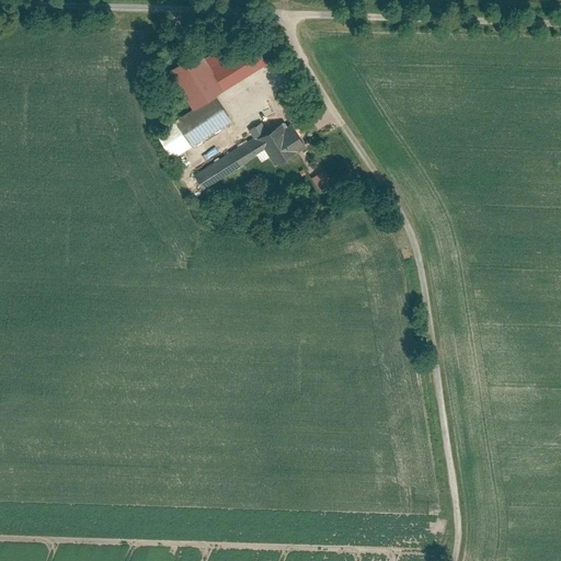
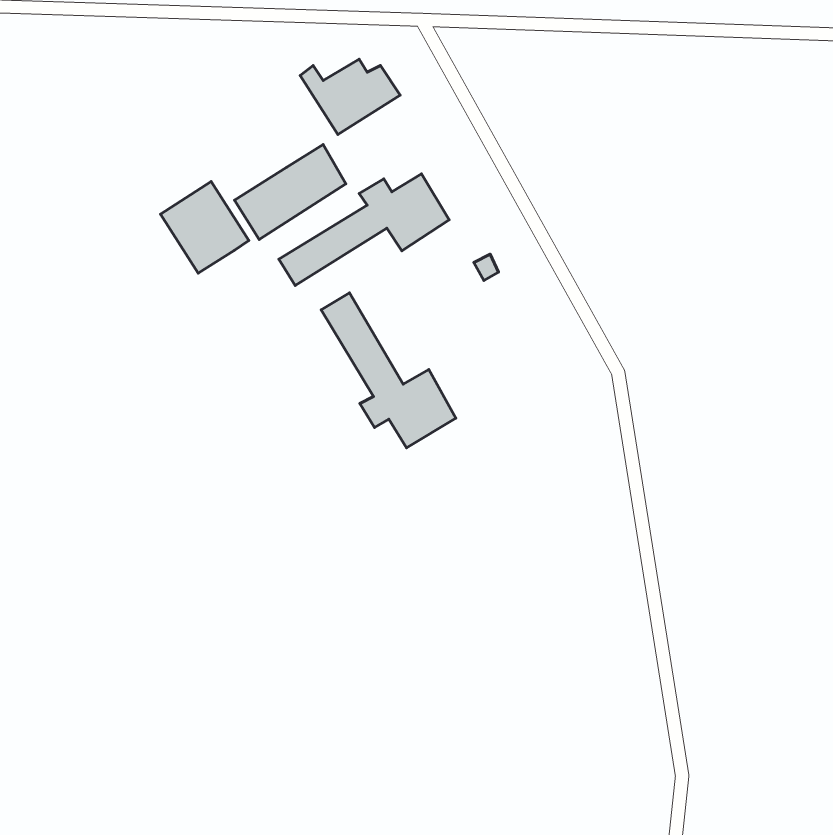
building: [170,53,229,114] -> [160,181,249,273]
building: none -> [321,293,456,448]

